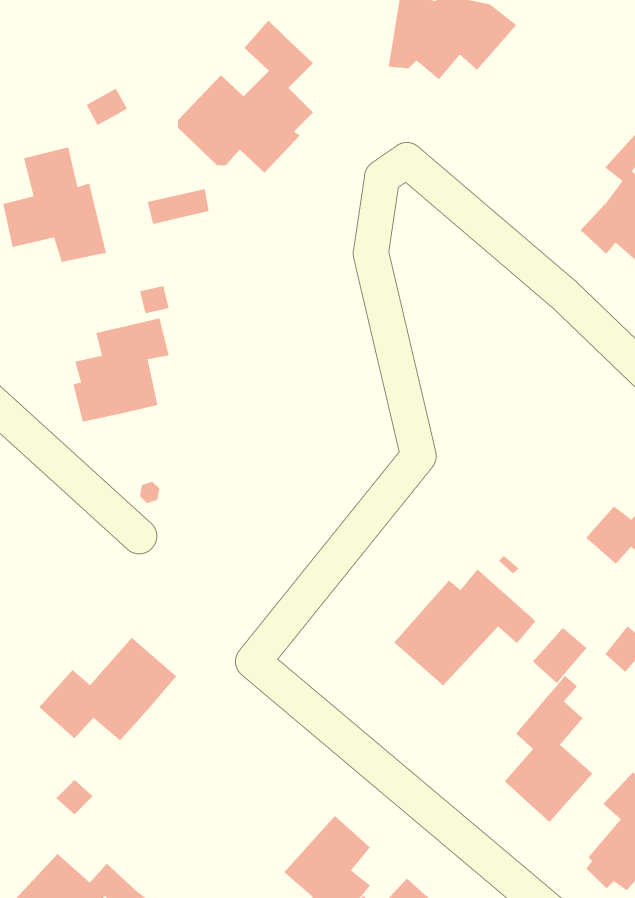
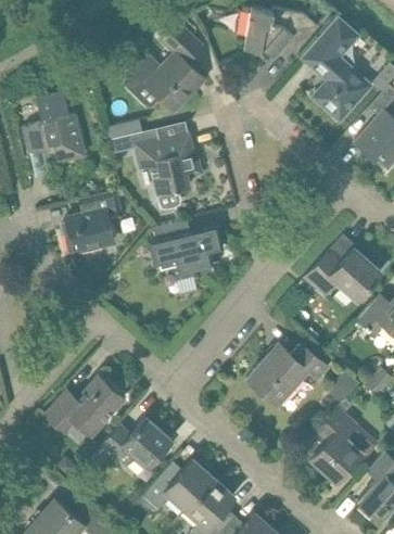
building: none -> [304,21,370,120]
building: none -> [135,135,202,208]
building: none -> [152,219,221,277]
building: none -> [305,247,381,300]
building: none -> [102,417,171,467]
building: none -> [132,459,214,514]

